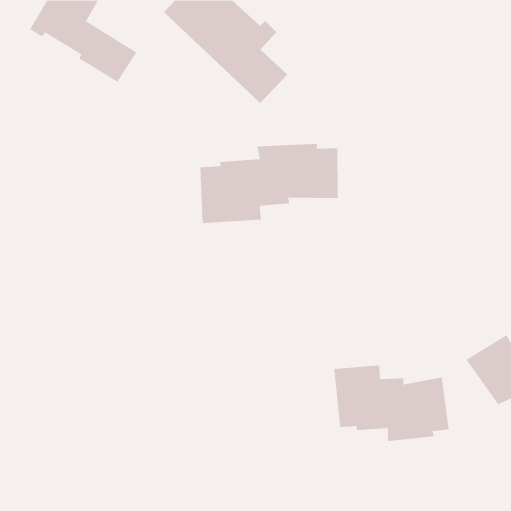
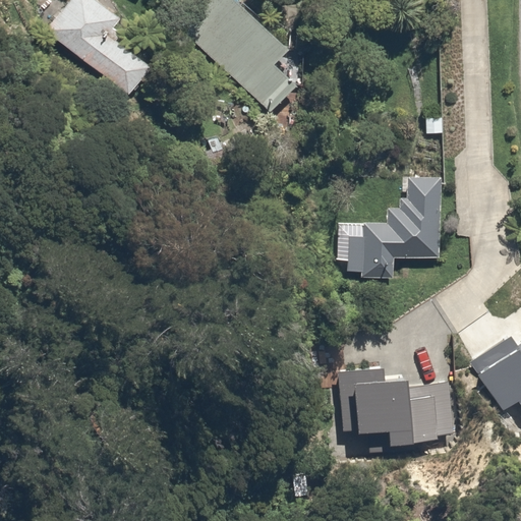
building: [200,143,338,224] -> none
building: none -> [341,171,446,278]

